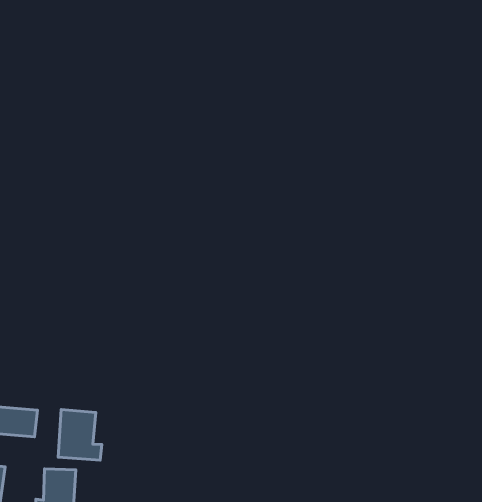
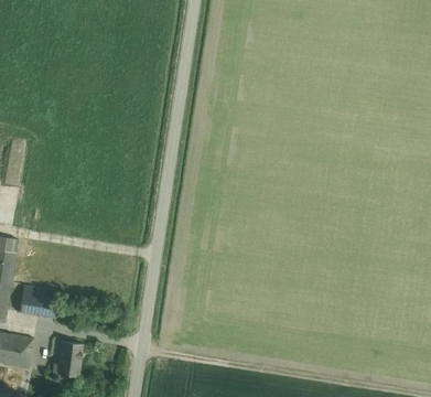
building: [58,409,102,460] -> none

